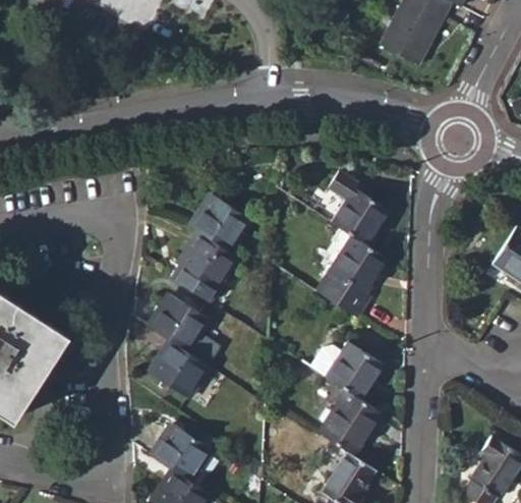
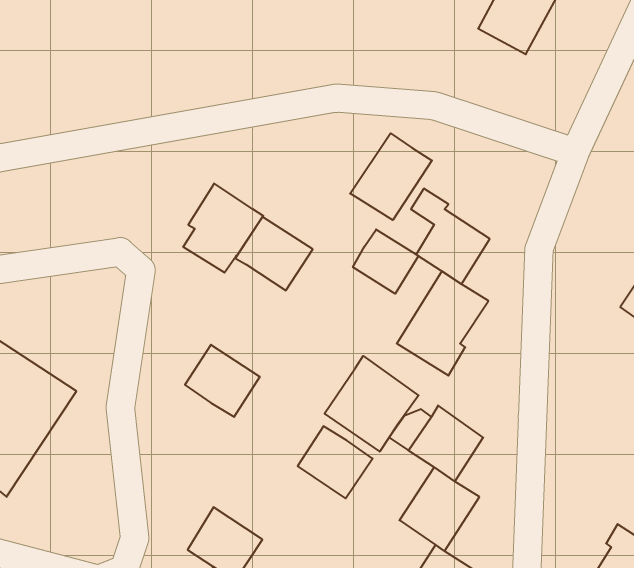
building: none -> [350,133,432,220]
building: none -> [353,229,418,294]
building: [173,231,236,301] -> [183,183,263,273]
building: none -> [325,356,419,452]
building: [149,340,208,397] -> [298,426,373,498]

